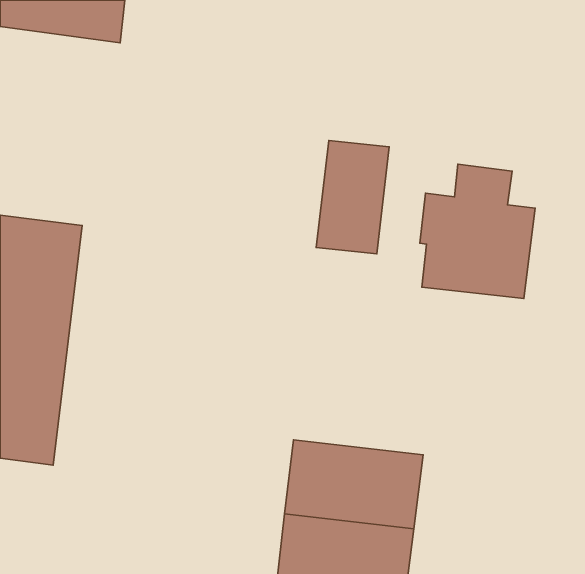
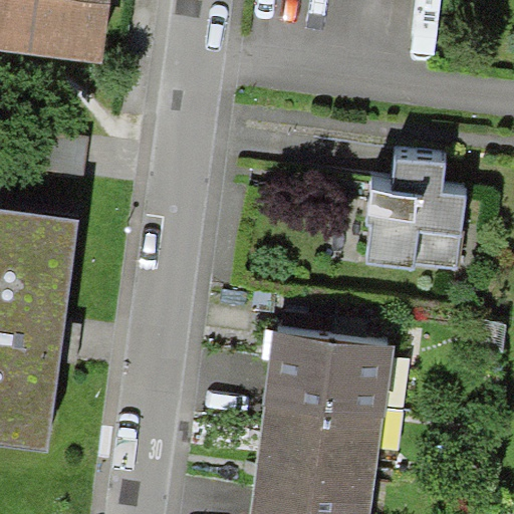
building: [316,140,389,254] -> none
building: none -> [260,332,379,410]

